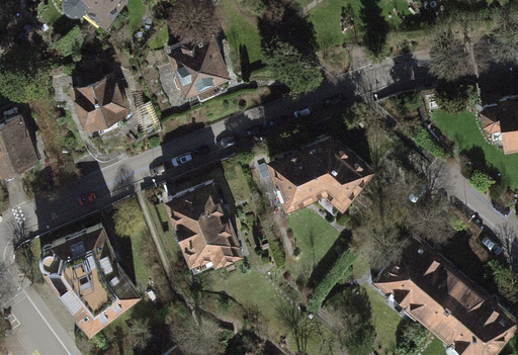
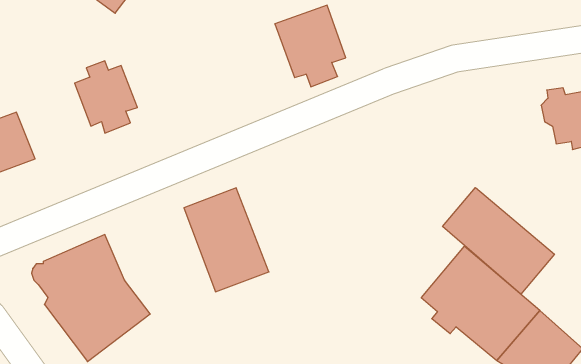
building: [168,31,230,102] -> [275,5,346,87]
building: [269,138,372,215] -> none
building: none -> [443,188,554,294]

